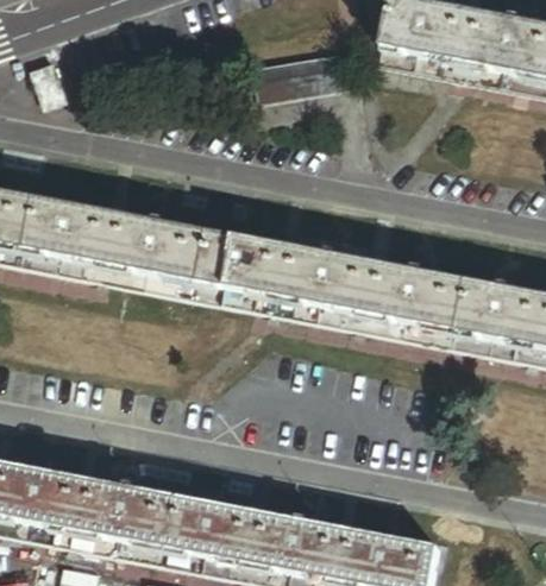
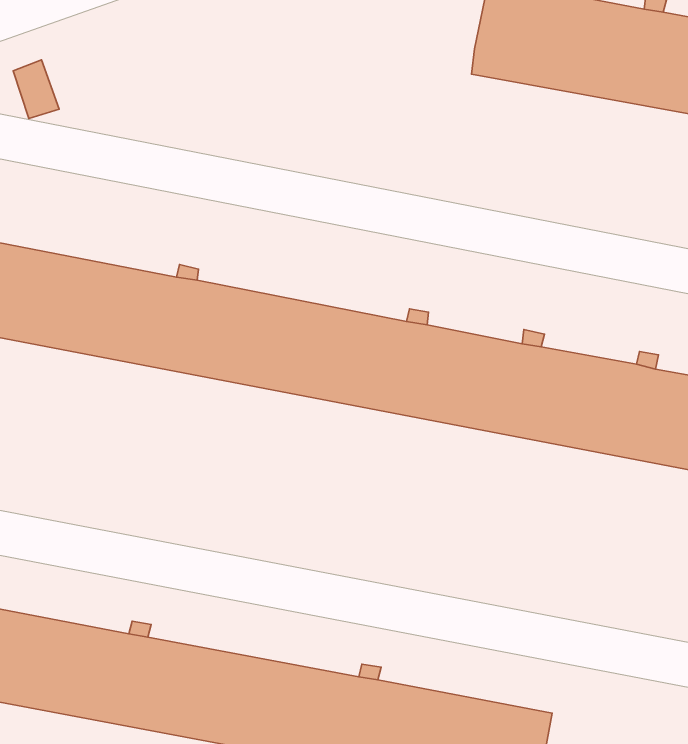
building: [255,52,347,102] -> none

